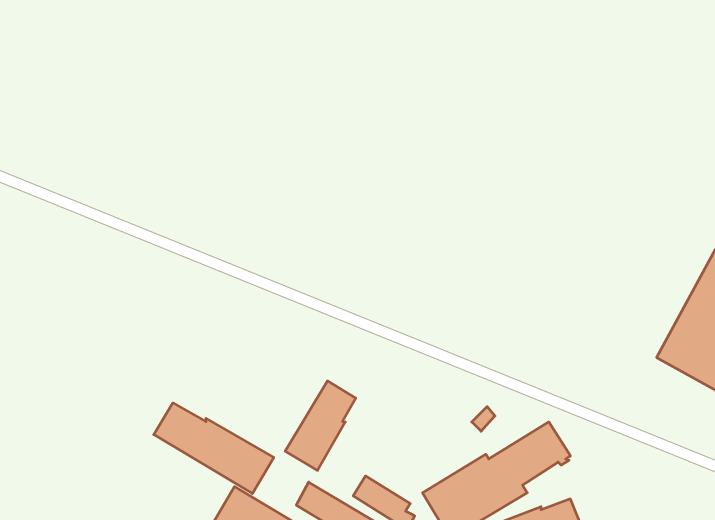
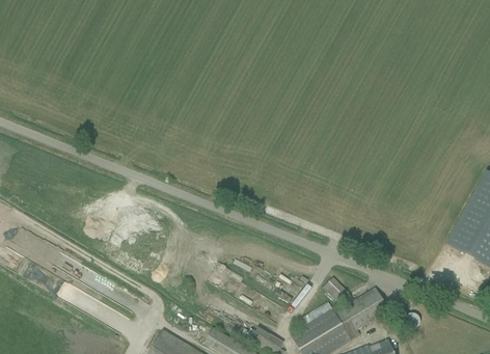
building: [285,381,356,470] -> none
building: [154,403,274,494] -> none

